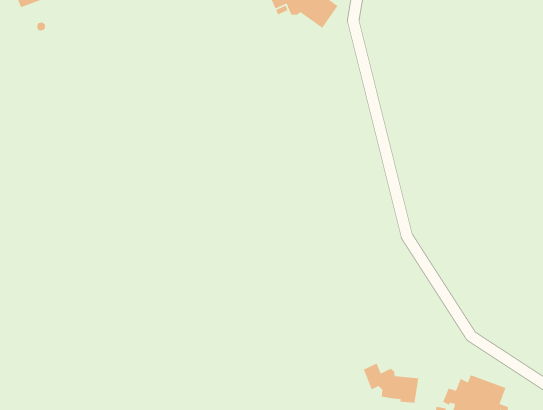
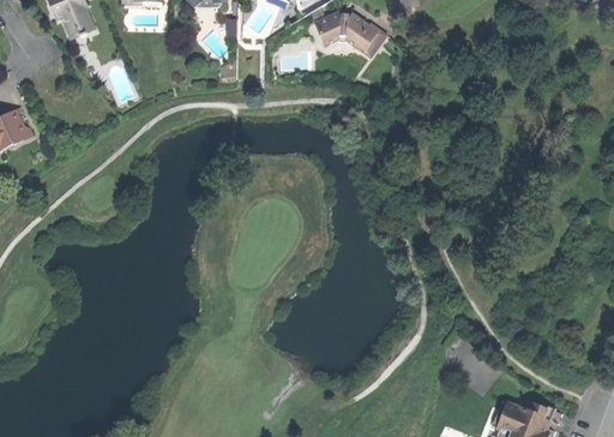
building: [363,363,419,403] -> none

